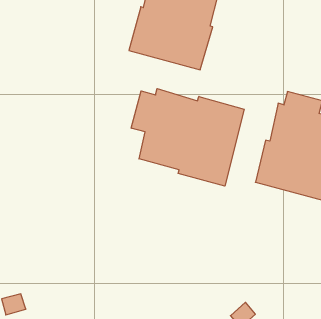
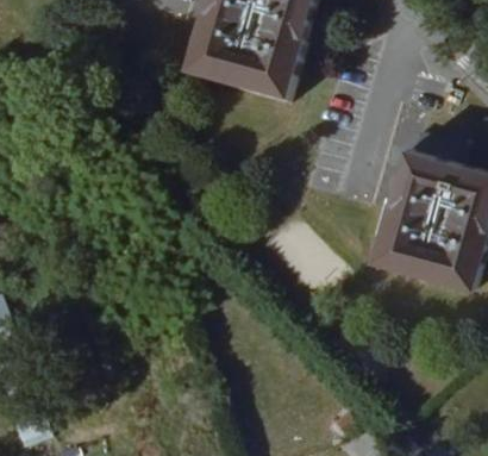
building: [131,89,244,186] -> none

